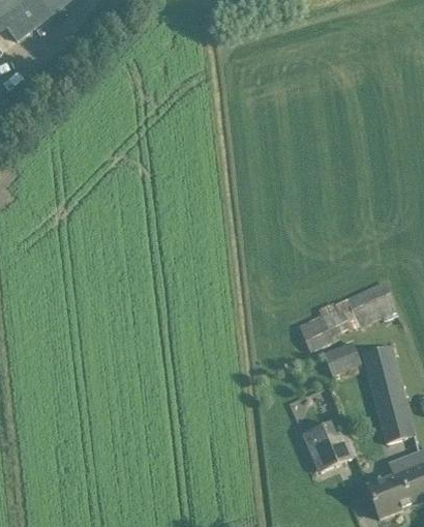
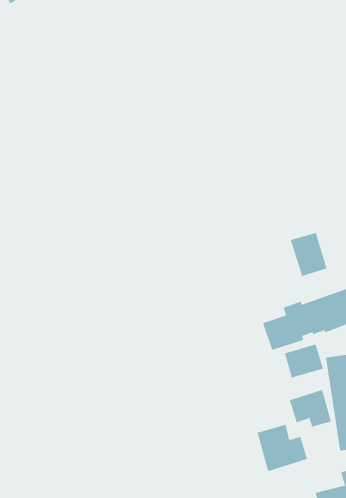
building: none -> [290,232,327,277]
building: none -> [289,389,332,427]

